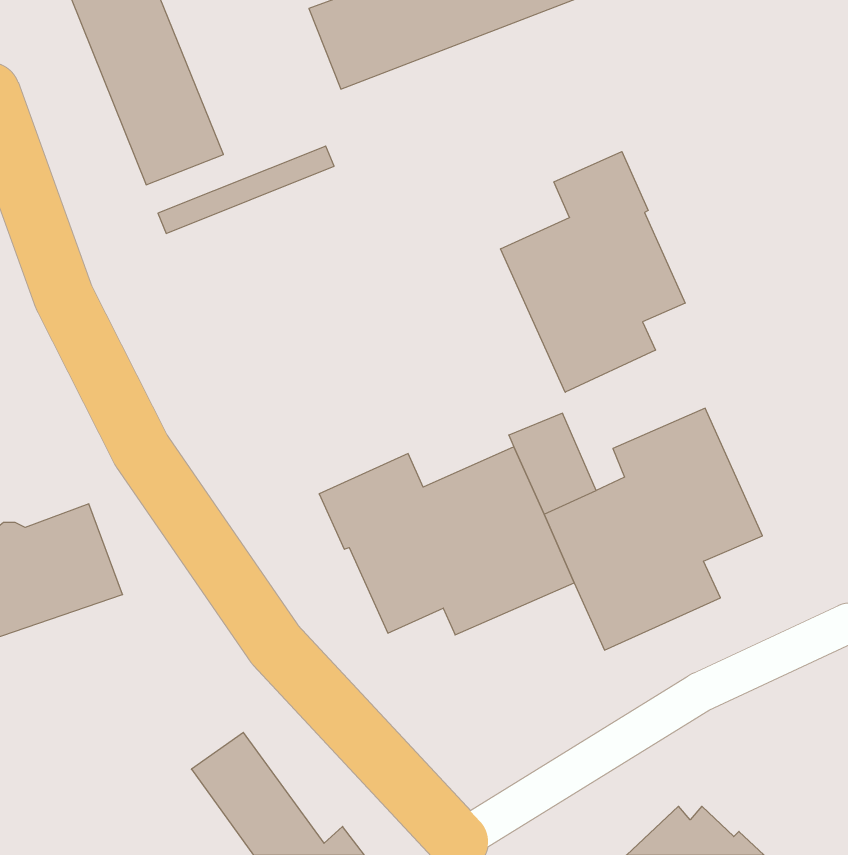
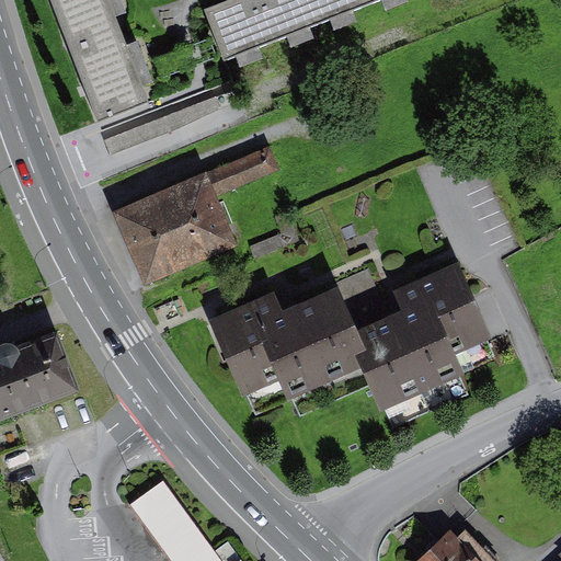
building: [501,152,685,392] -> none
building: none -> [116,146,276,278]

